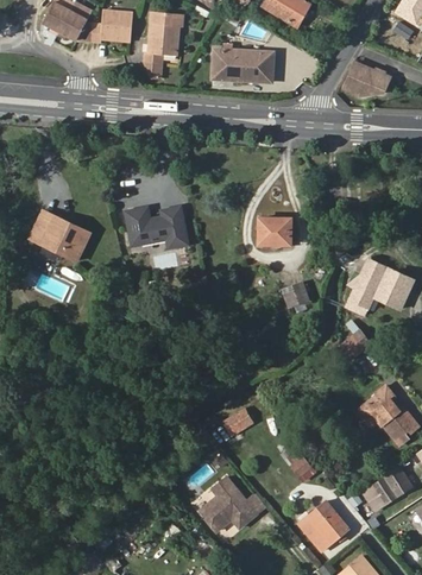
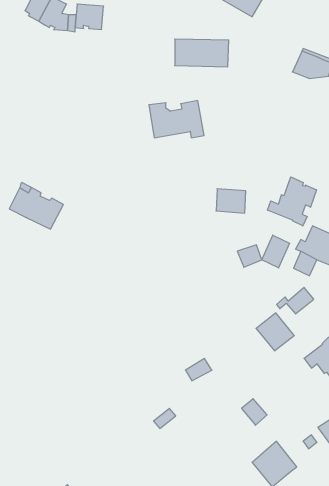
building: [144,23,178,77] -> none
building: [119,204,181,246] -> [149,101,204,138]
building: none -> [268,177,316,226]
building: none -> [262,235,290,268]
building: none -> [256,313,294,351]
building: [199,476,265,531] -> none

